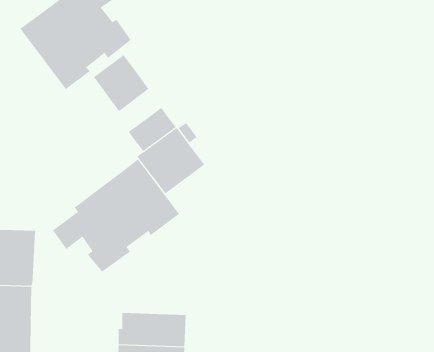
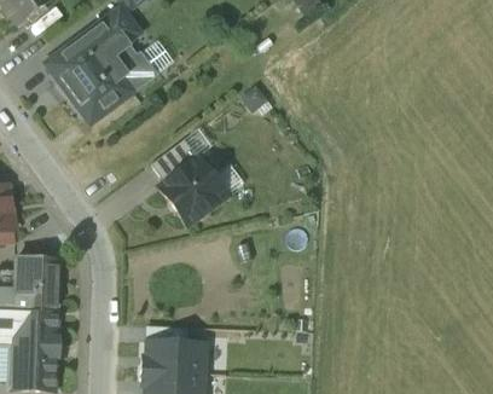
building: [93,54,149,112] -> none
building: [52,159,180,273] -> none

